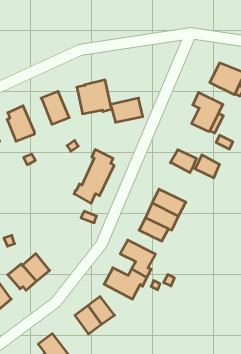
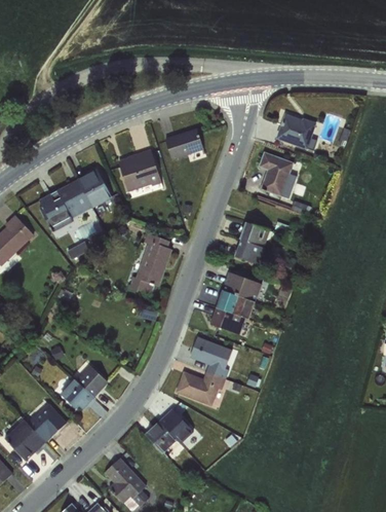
building: [110,98,143,122] -> [164,127,204,159]
building: none -> [56,179,92,218]
building: [195,155,220,178] -> [235,239,264,264]

